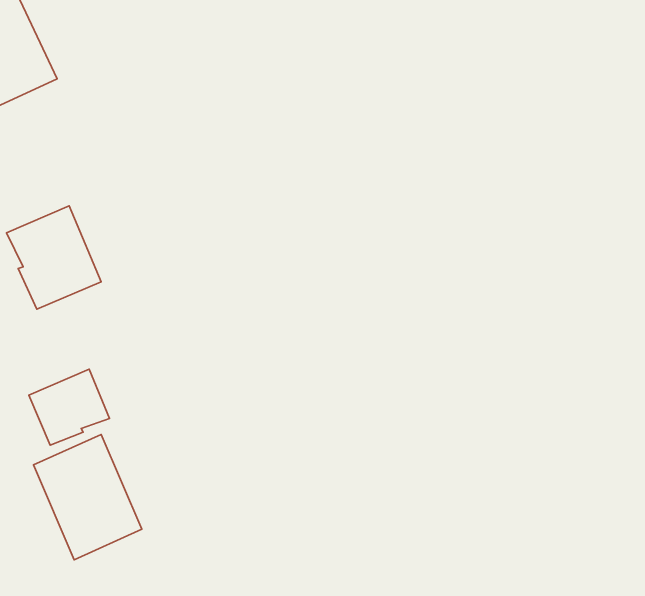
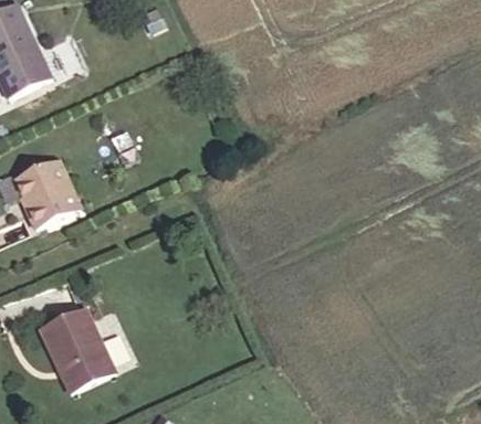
building: [29,369,110,445] -> none

